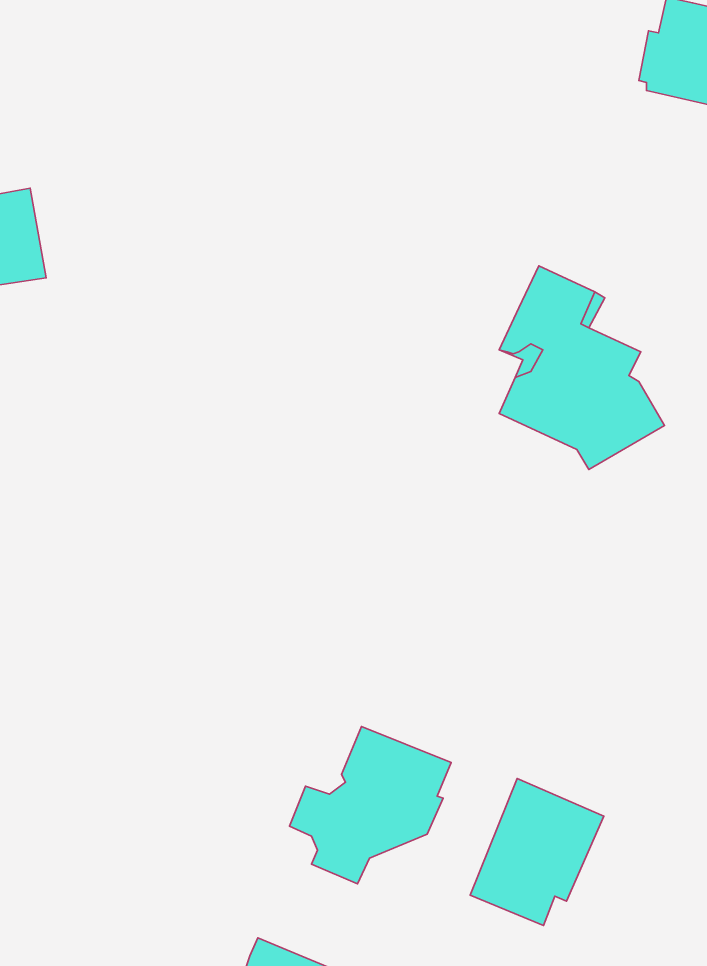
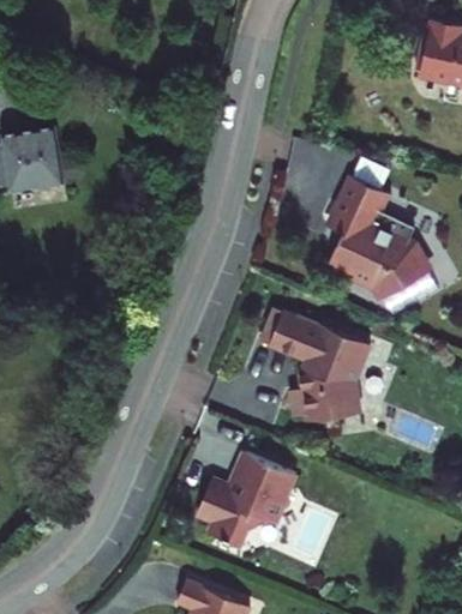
building: none -> [262,311,370,422]
building: [470,779,604,926] -> none

